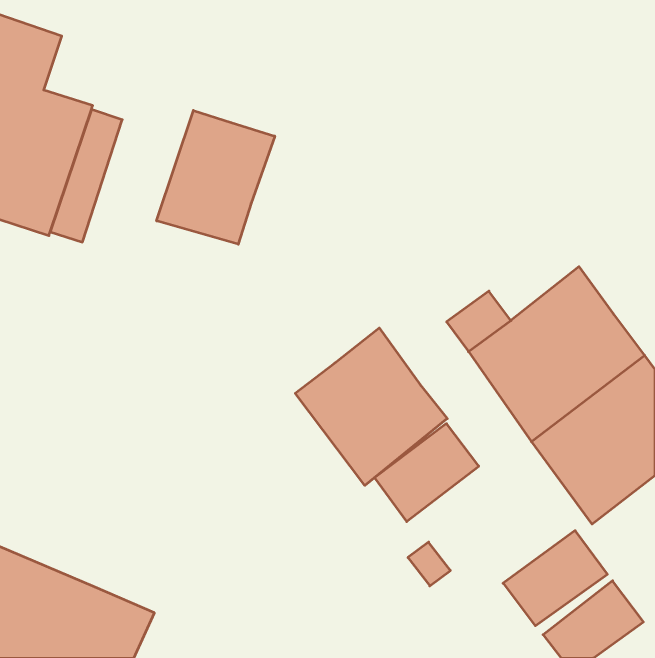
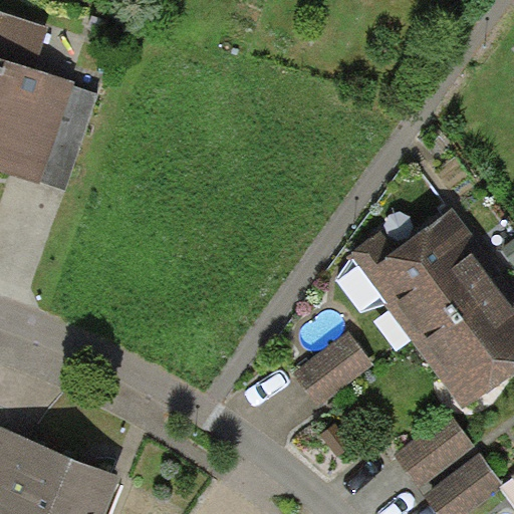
building: [157,110,275,244] -> none
building: [295,328,447,485] -> none

